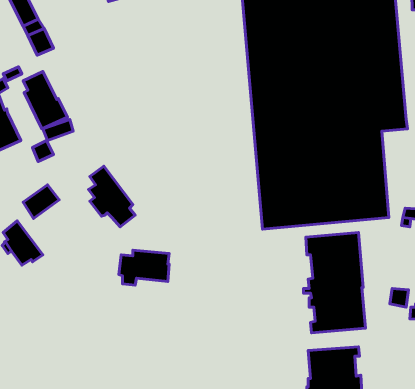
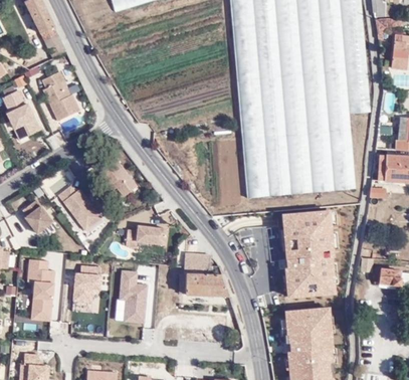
building: none -> [59,185,101,229]
building: none -> [182,251,225,297]
building: none -> [27,258,54,320]
building: none -> [73,263,101,303]
building: none -> [116,268,148,323]

